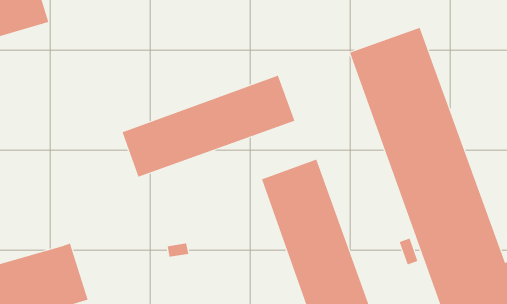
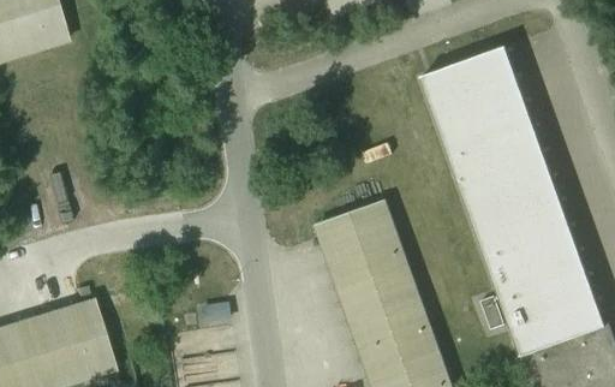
building: [122,75,295,178] -> none

